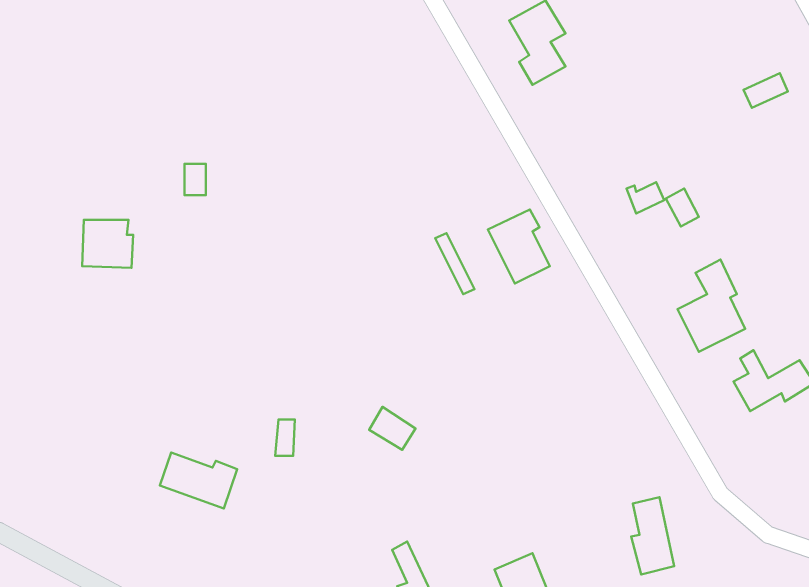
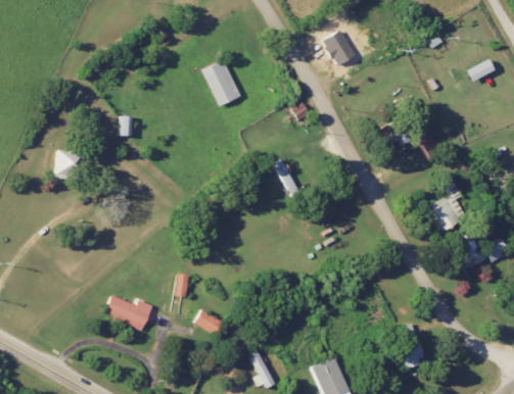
building: none -> [201,59,240,106]
building: [488,209,550,284] -> none
building: [369,407,415,450] -> [195,309,224,336]

